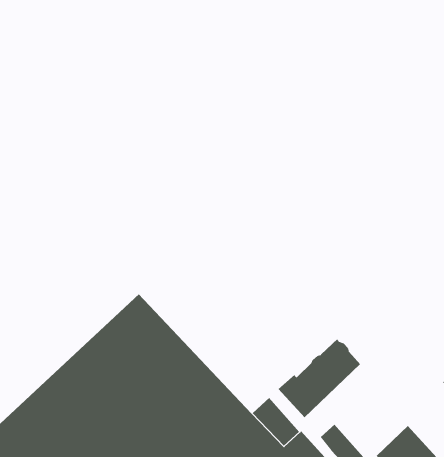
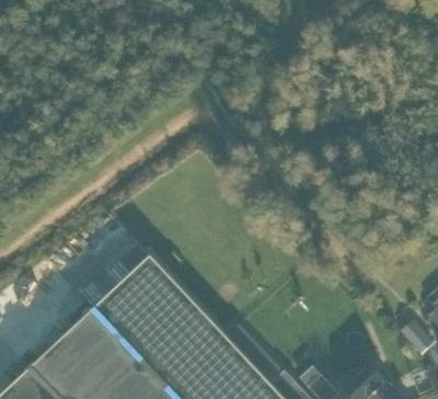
building: [277,339,361,418] -> none

